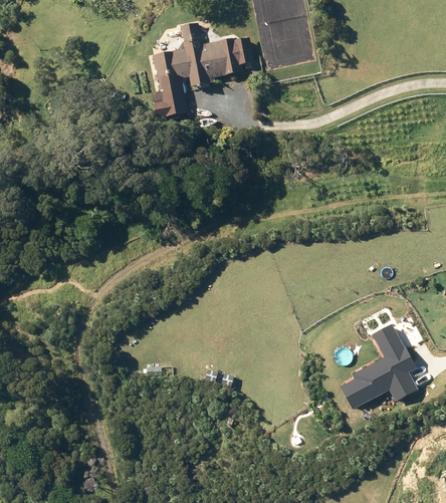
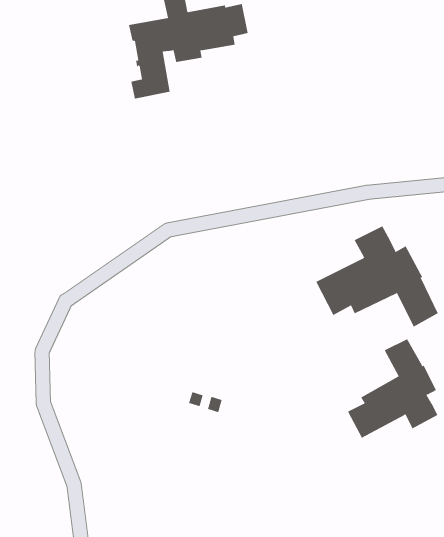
building: none -> [315,226,439,327]

